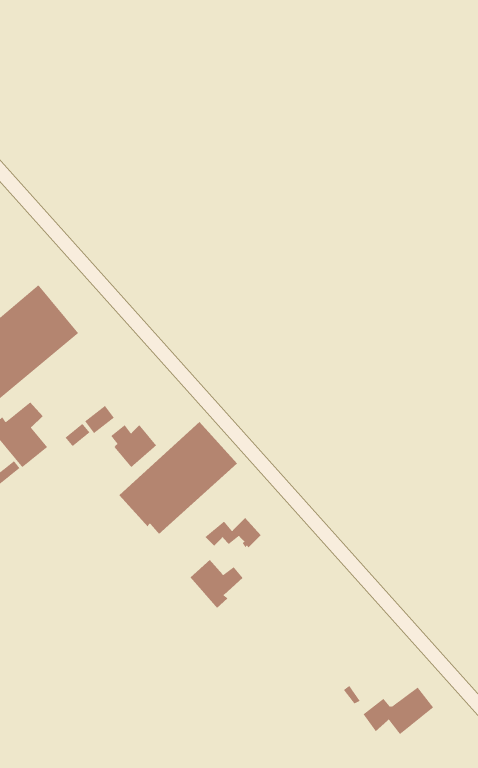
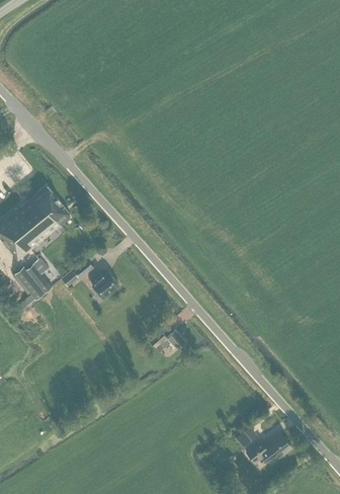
building: [118,421,238,535] -> none
building: [190,559,243,609] -> none

